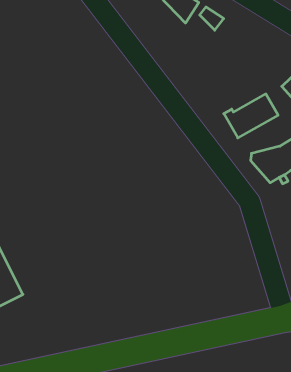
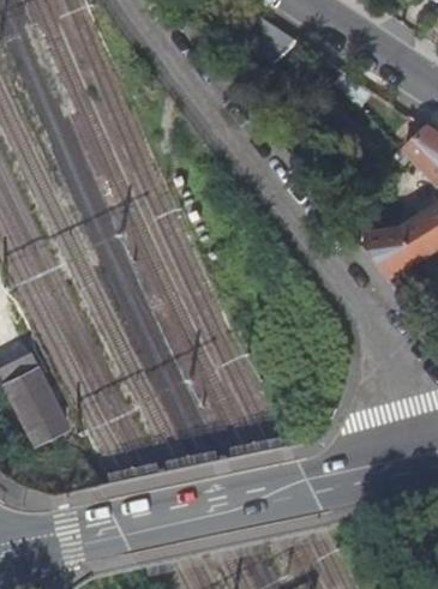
building: [224,94,278,138] -> none

